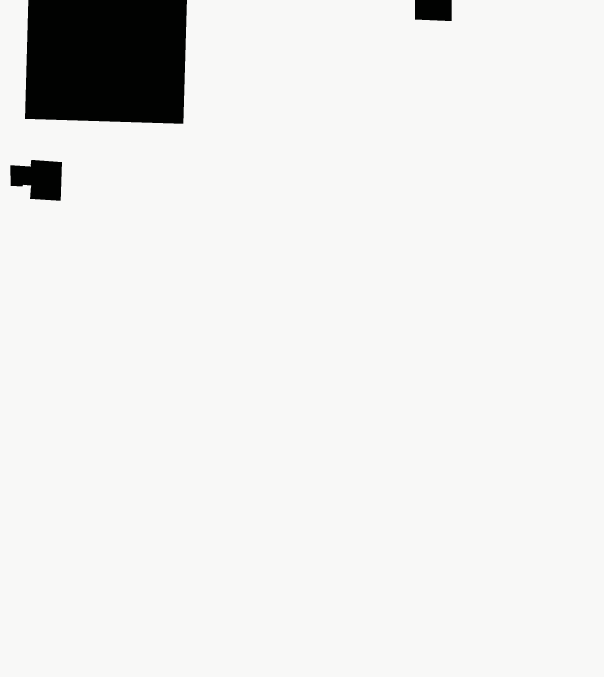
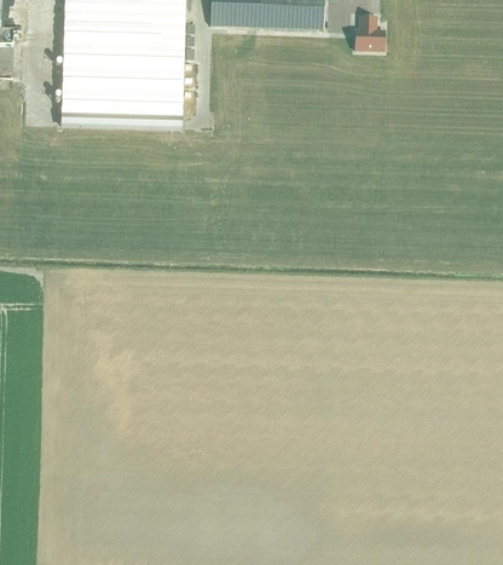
building: [10,159,62,202] -> none

